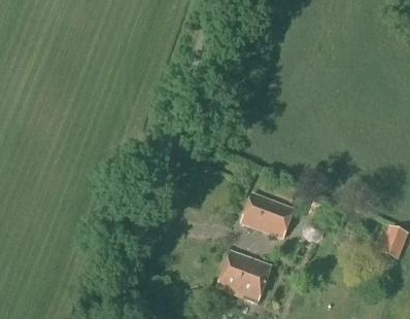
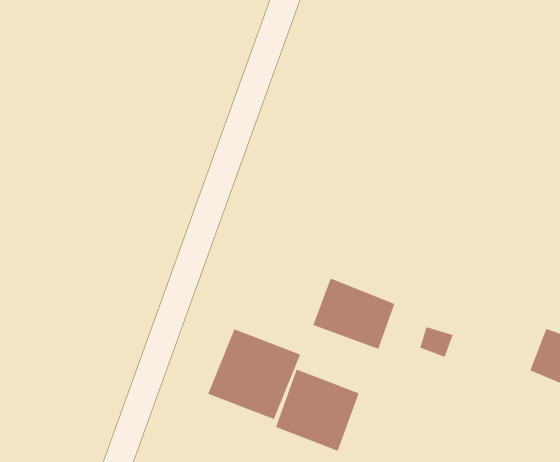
building: none -> [208,329,301,420]

